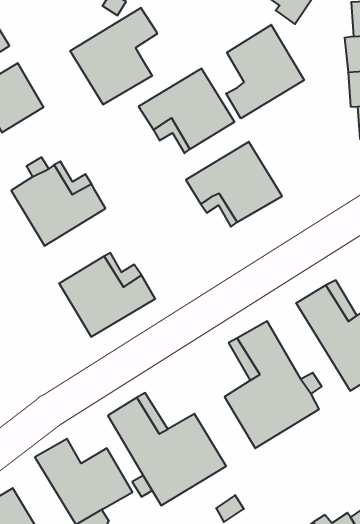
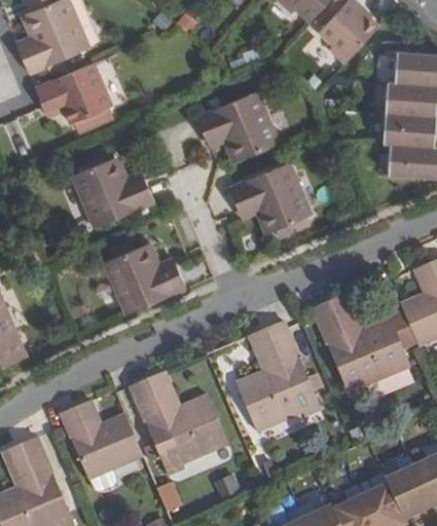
building: [70,8,157,105] -> none
building: [226,25,304,118] -> none

